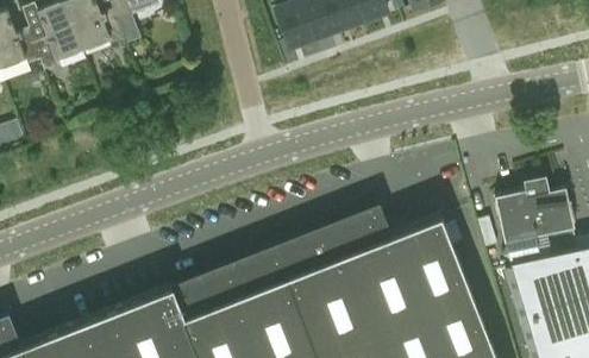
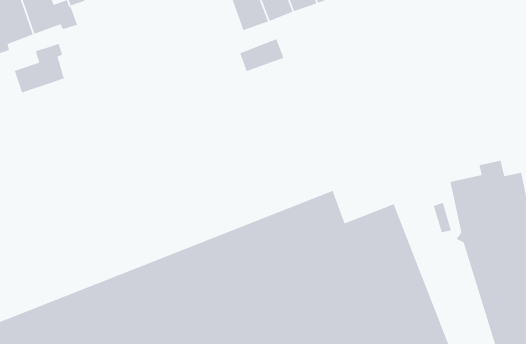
building: none -> [239,38,285,72]
building: none -> [14,43,65,94]

